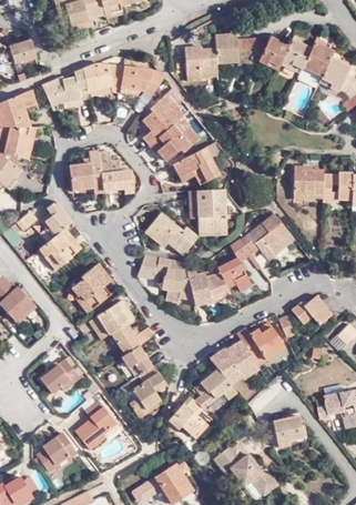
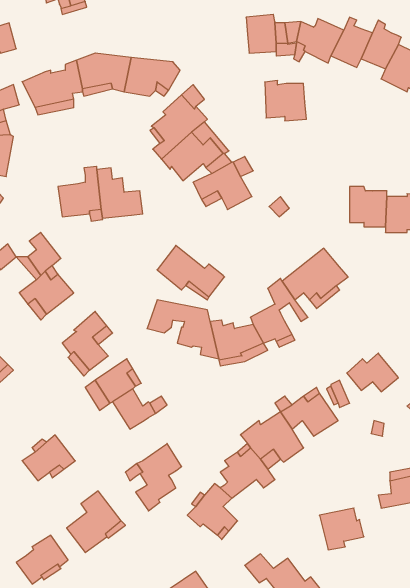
building: [185,47,217,78] -> [265,81,306,121]
building: [194,189,225,232] -> none
building: [121,347,152,378] -> none

